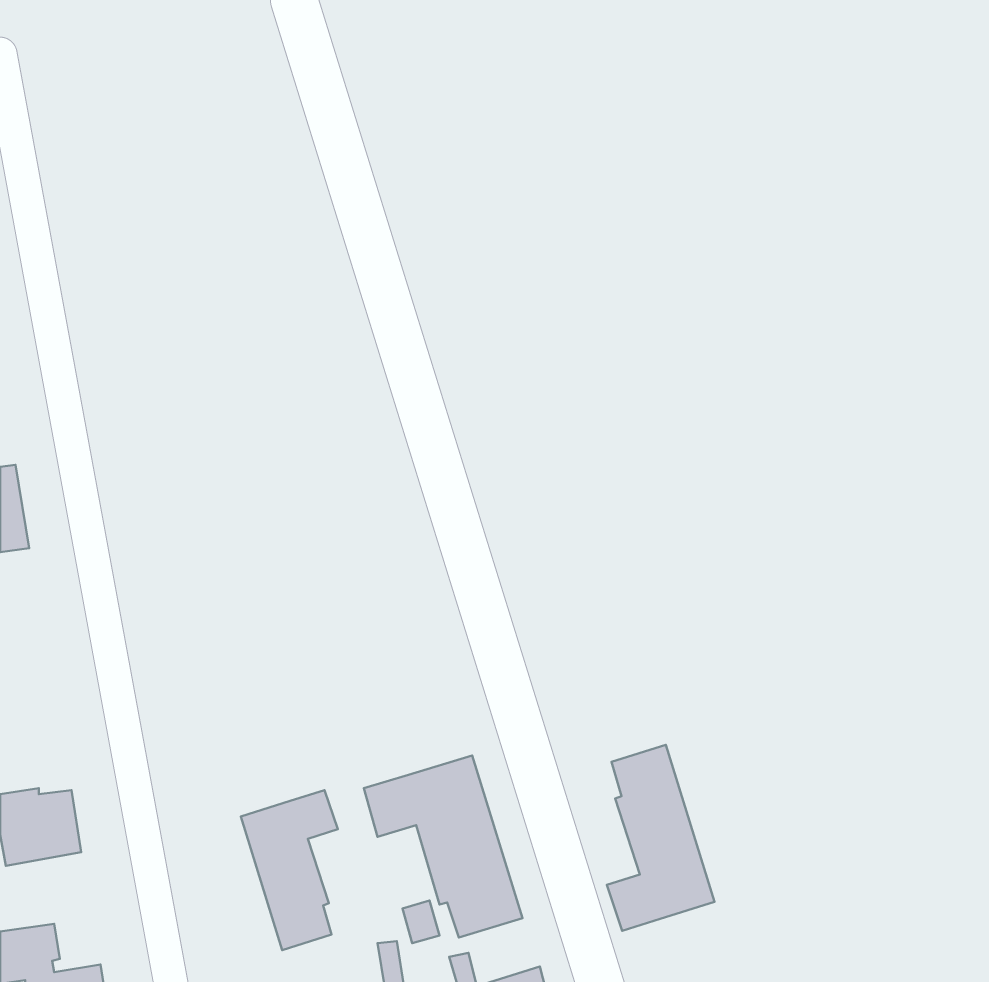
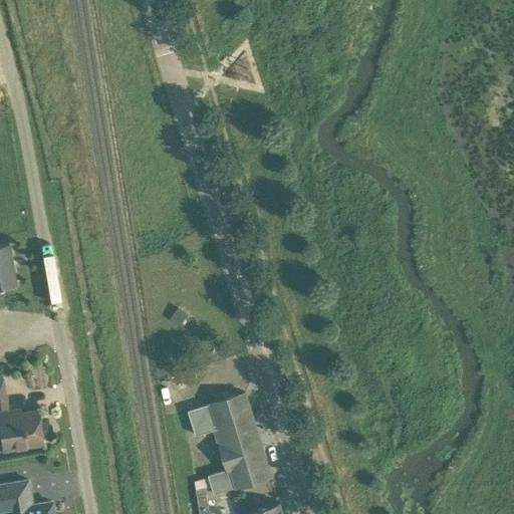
building: [607,745,714,931] -> none
building: [241,790,338,950] -> none

